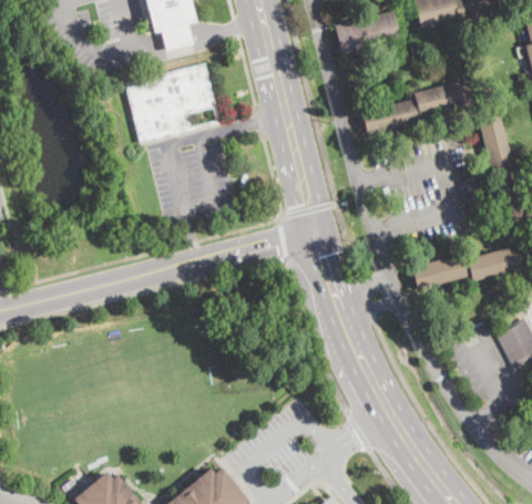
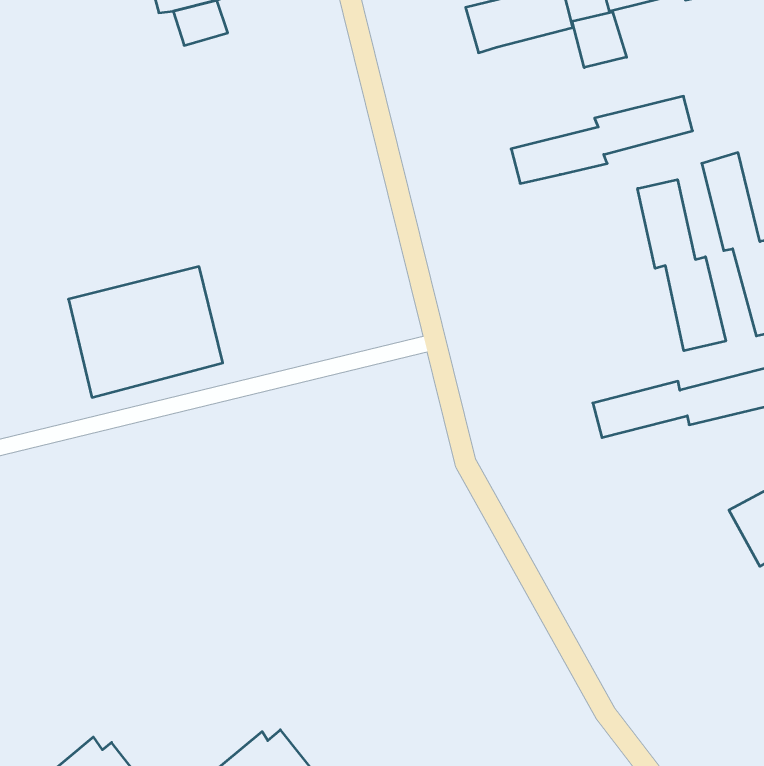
building: none -> [572,12,627,68]
building: [125,64,219,144] -> [68,267,223,397]
building: none -> [638,180,726,351]

